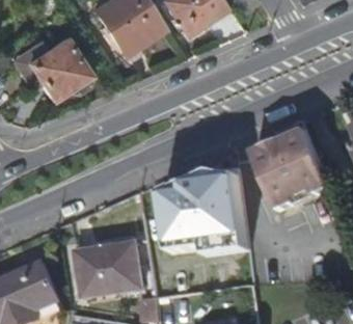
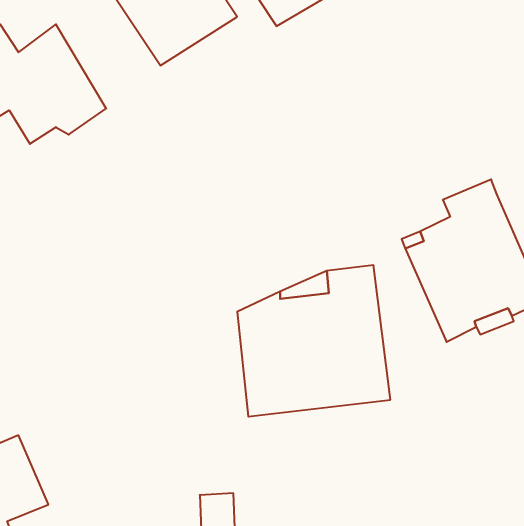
building: [74,238,143,294] -> none

